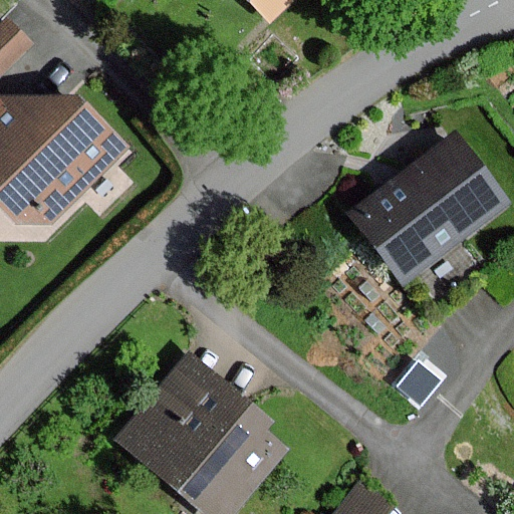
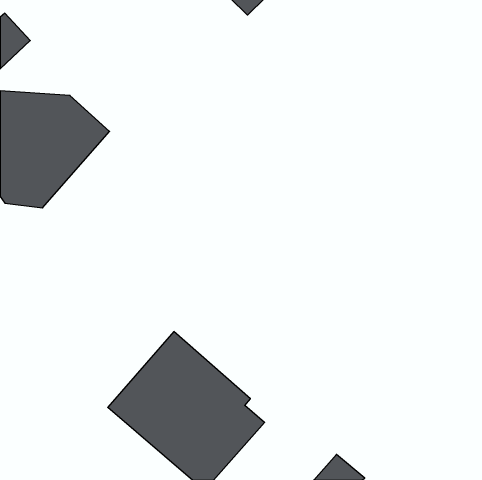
building: [350,136,506,283] -> none

